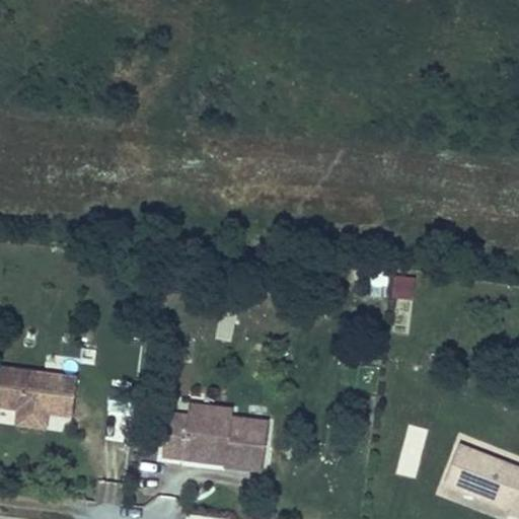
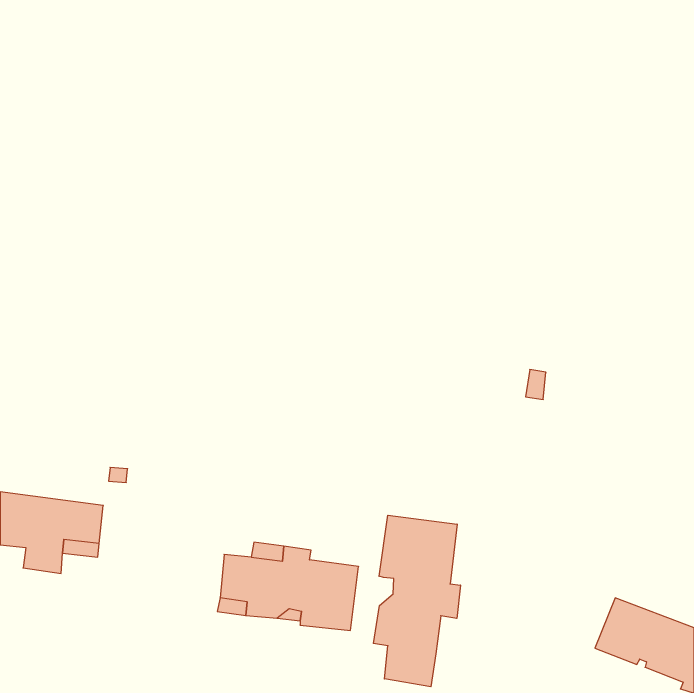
building: none -> [373,515,460,687]

